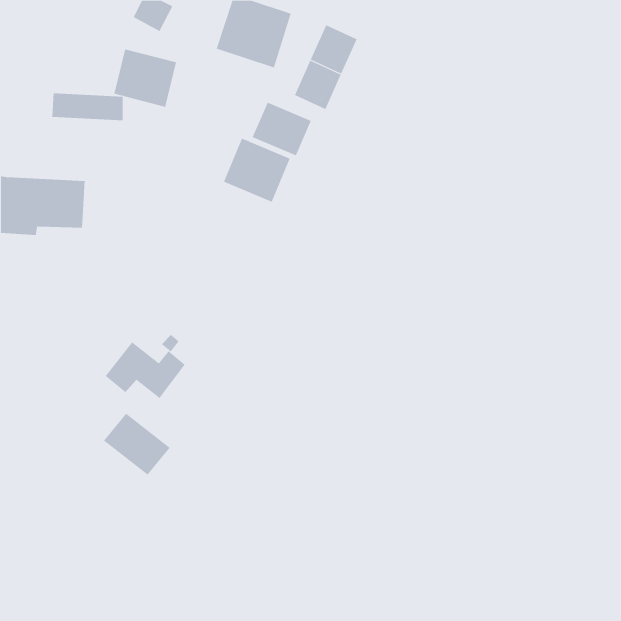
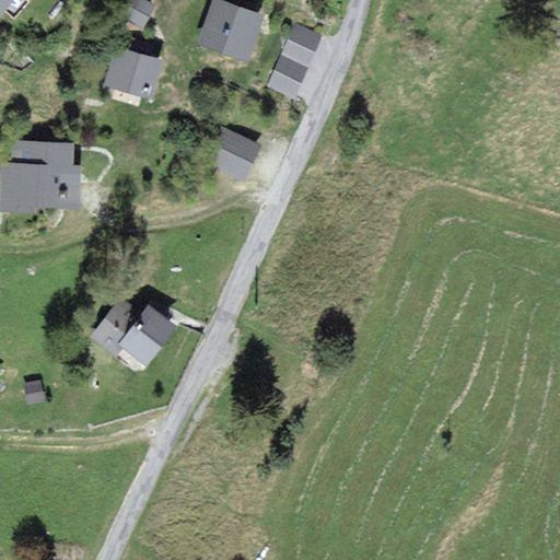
building: [52,93,124,121] -> [9,139,73,164]
building: [252,102,311,156] -> none
building: [103,413,170,476] -> none

